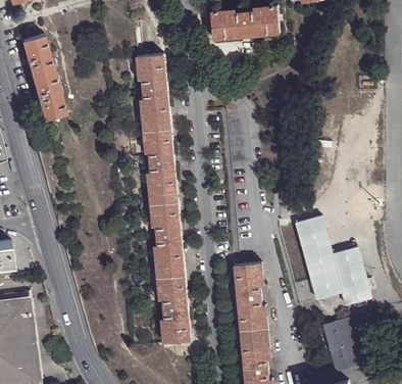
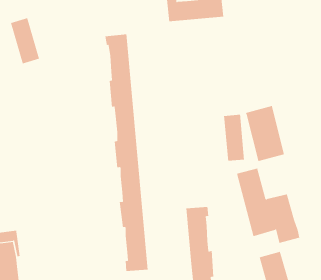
building: [36,86,65,119] -> none
building: none -> [245,105,285,162]
building: none -> [224,114,245,162]

